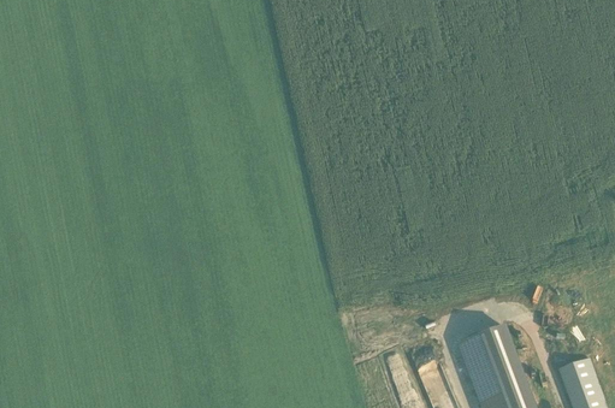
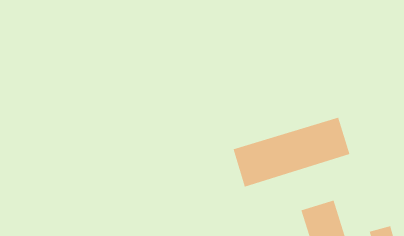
building: none -> [233,117,350,187]

